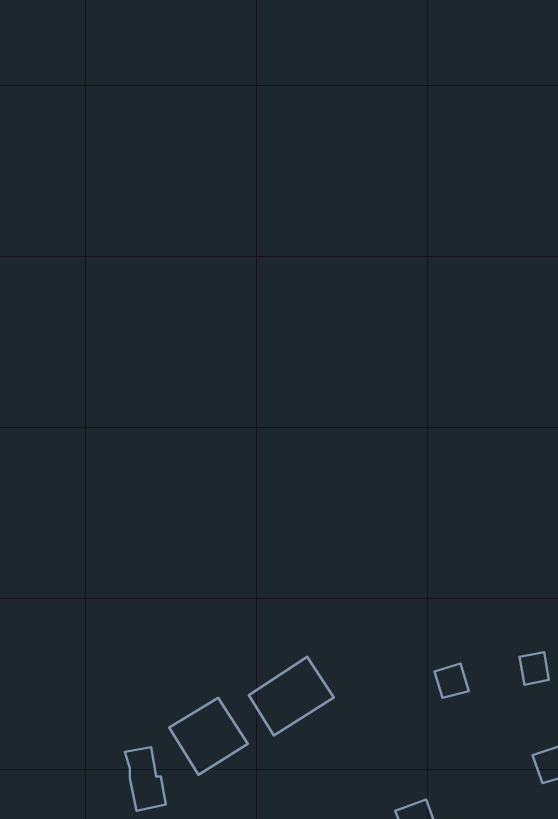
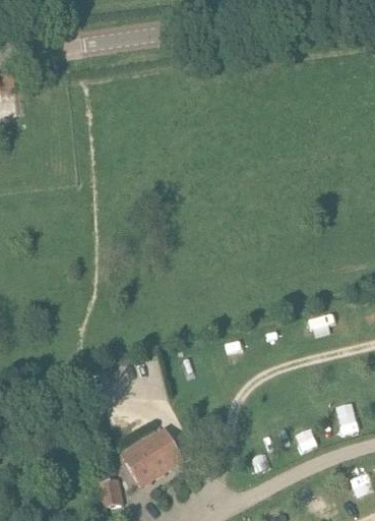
building: [249,657,334,736] -> none

